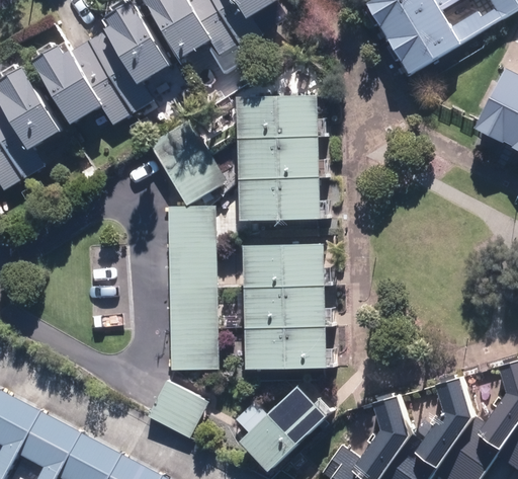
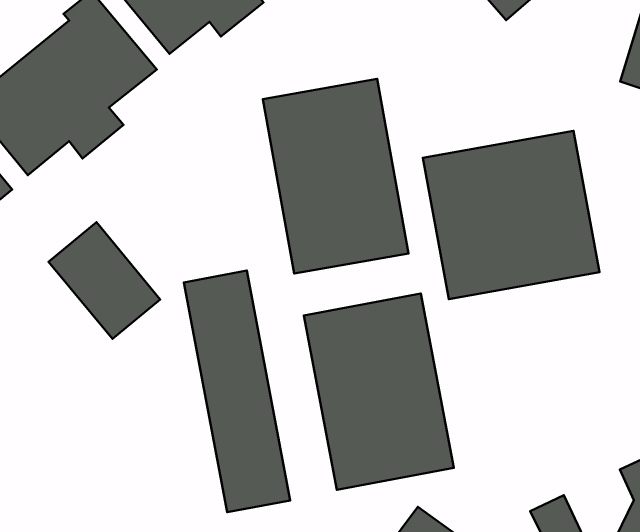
building: [149,122,220,202] -> [49,222,160,339]
building: none -> [423,131,599,299]

